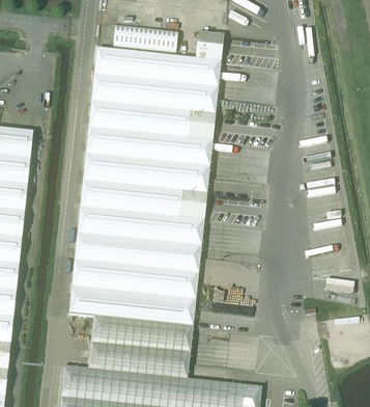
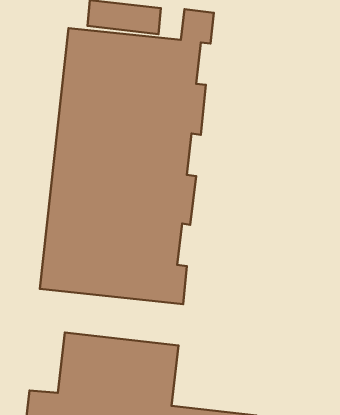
building: [68,279,197,329] -> none

